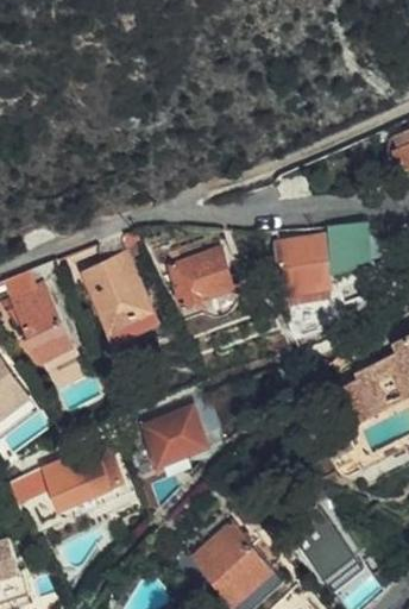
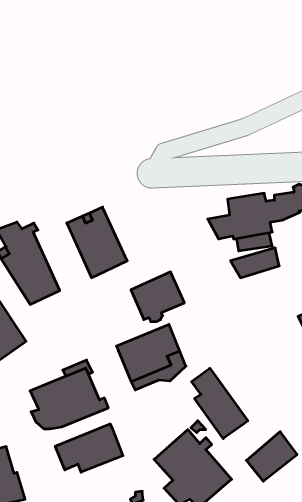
building: [169,249,233,308] -> [131,272,184,322]
building: none -> [192,368,248,439]
building: none -> [55,424,123,472]

